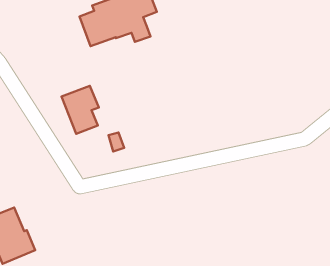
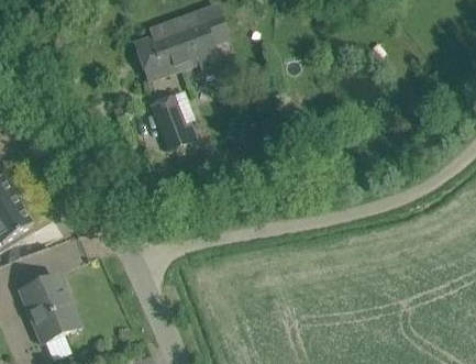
building: [62,86,99,134] -> [151,89,196,147]

